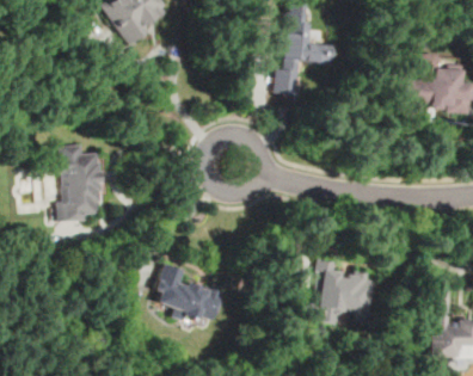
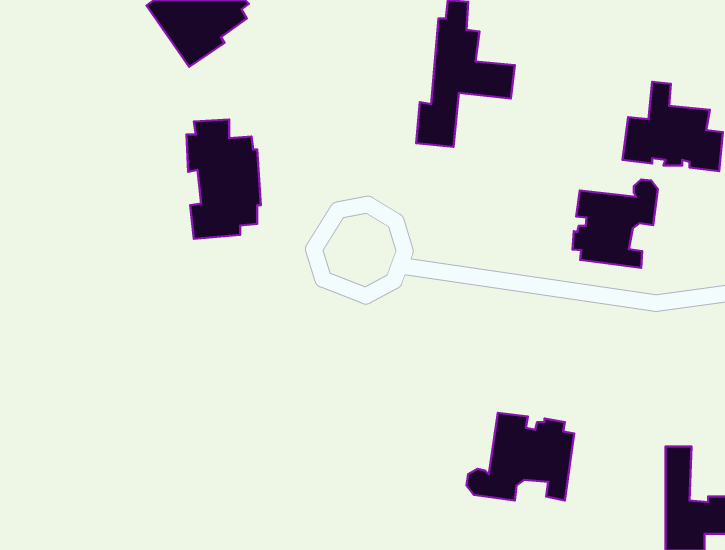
building: none -> [572,179,658,268]
building: [56,144,104,221] -> [186,120,261,239]
building: [156,261,226,325] -> none

